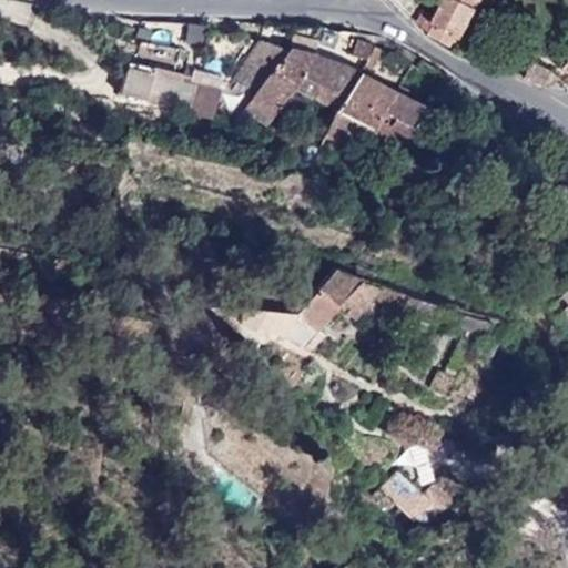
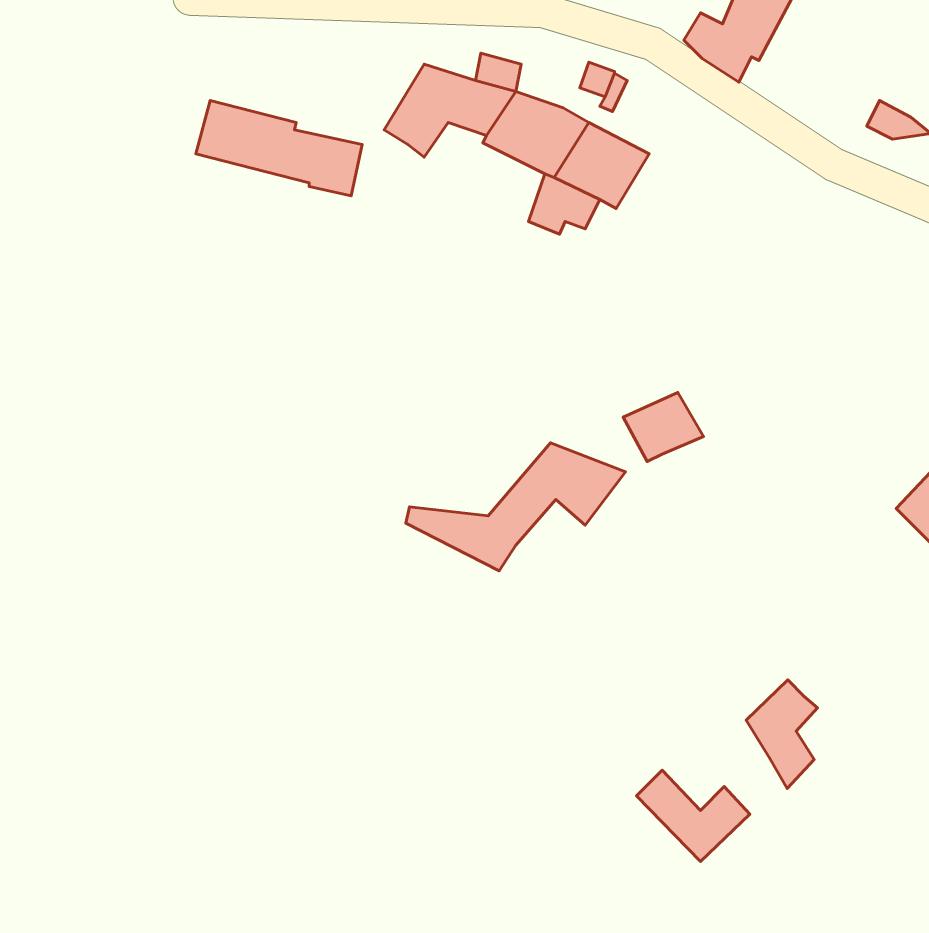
building: [232,74,298,124] -> none
building: [377,93,428,142] -> none
building: none -> [623,392,703,461]
building: none -> [746,680,818,789]

